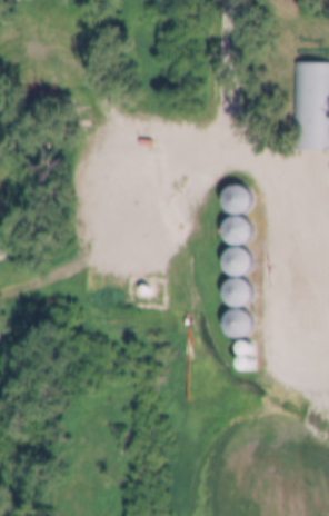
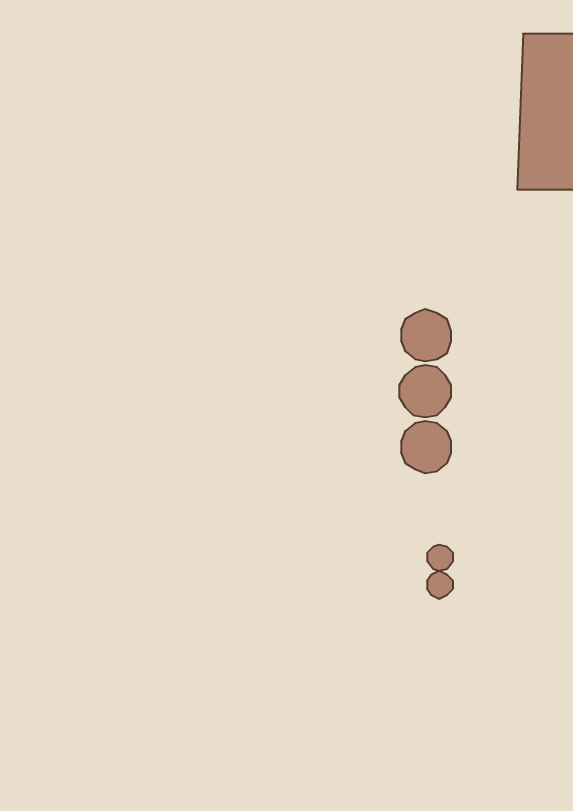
building: [223,183,252,212] -> none
building: [225,307,253,337] -> none

